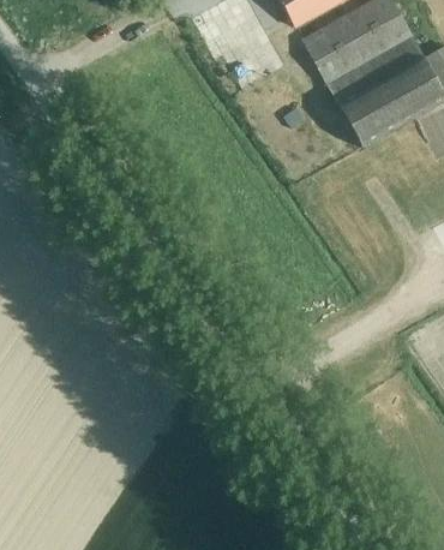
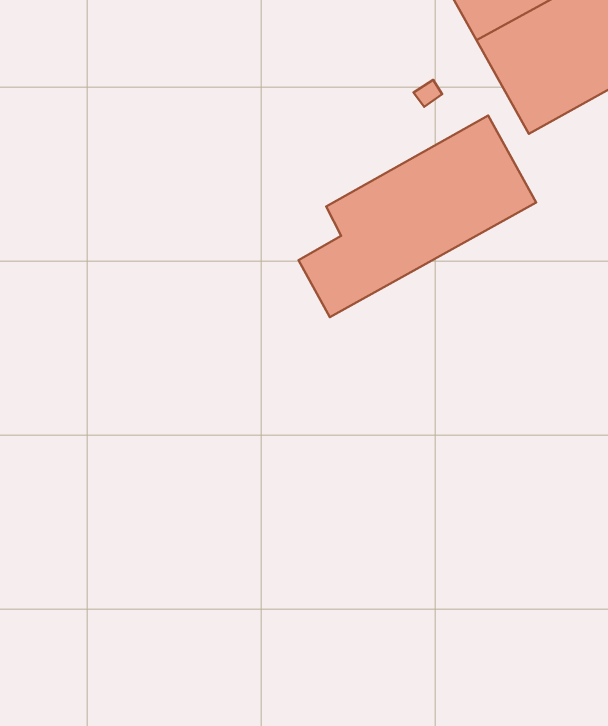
building: none -> [299,116,536,317]

